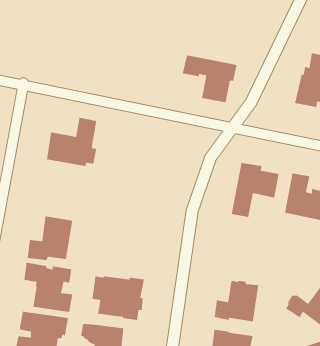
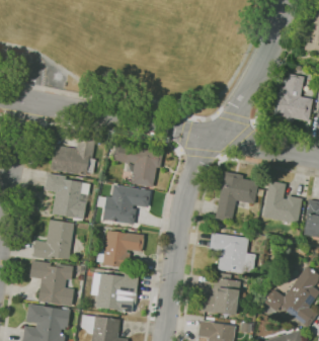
building: [182,54,237,103] -> [112,143,162,186]
building: none -> [44,173,89,222]
building: none -> [102,184,151,225]
building: none -> [96,231,144,267]
building: none -> [209,233,255,274]

